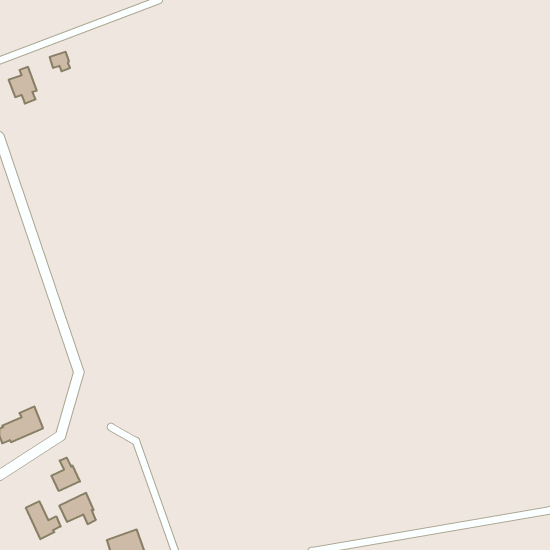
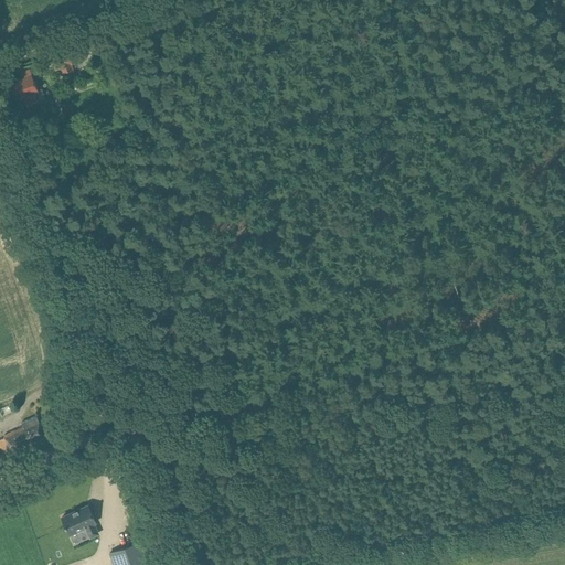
building: [52,458,80,491] -> none
building: [26,501,61,539] -> none

